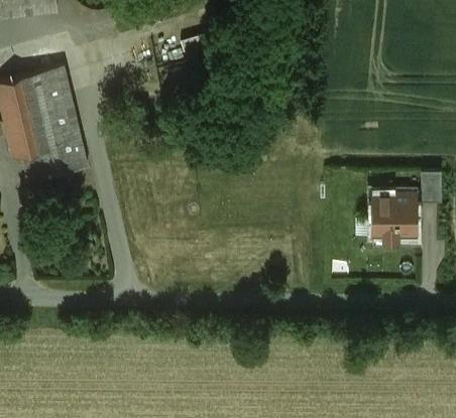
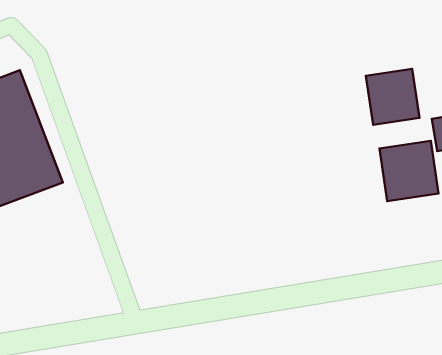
building: none -> [366,69,419,125]

